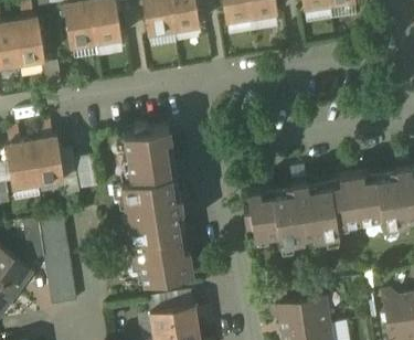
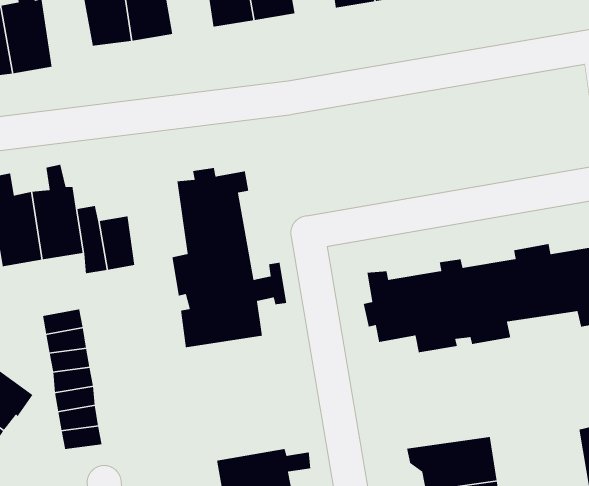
building: [129,233,192,286] -> none

